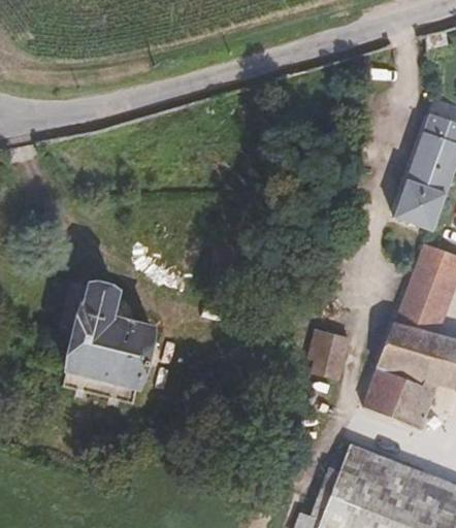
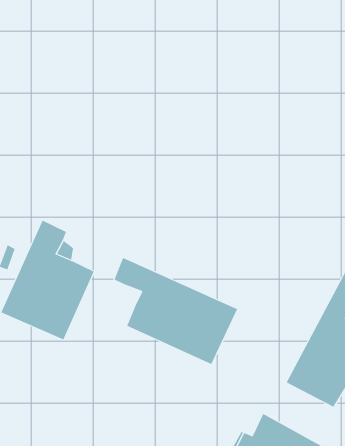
building: none -> [114,257,238,365]
building: [313,336,351,382] -> none

